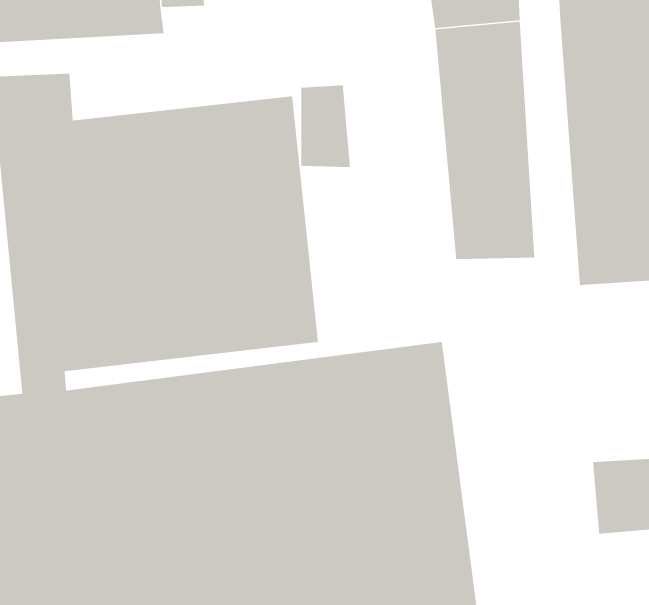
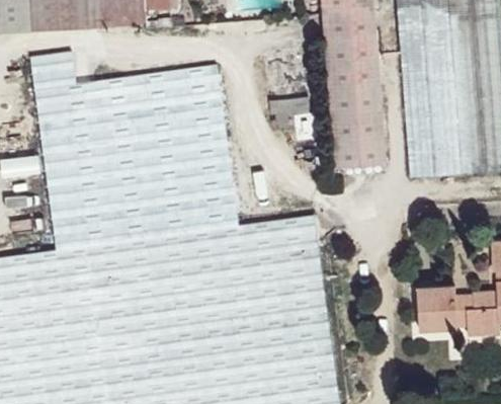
building: [300,85,351,168] -> none

